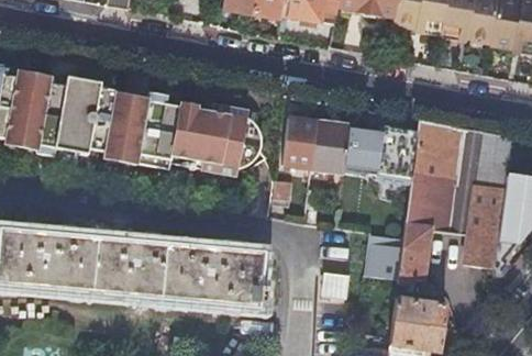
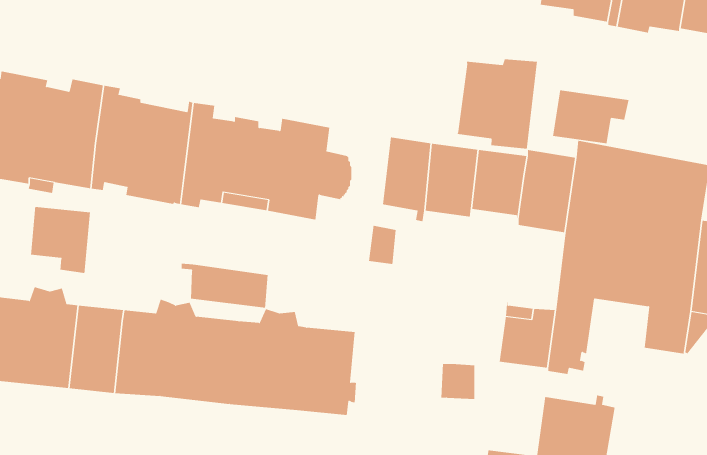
building: none -> [457,58,537,150]
building: none -> [553,90,629,144]
building: none -> [30,206,91,274]
building: none -> [181,263,268,308]

